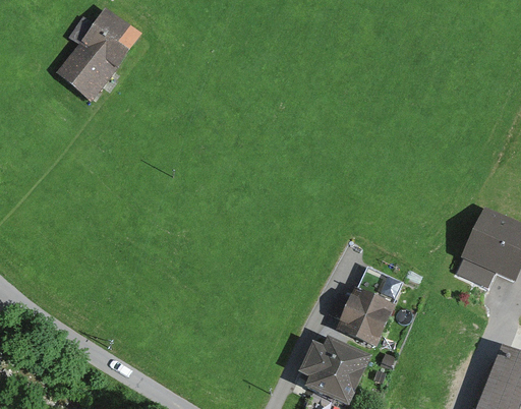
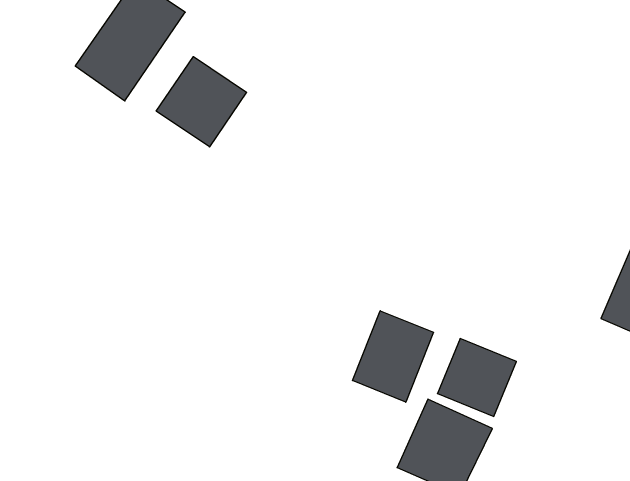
building: none -> [156,57,247,147]
building: none -> [353,311,433,402]

